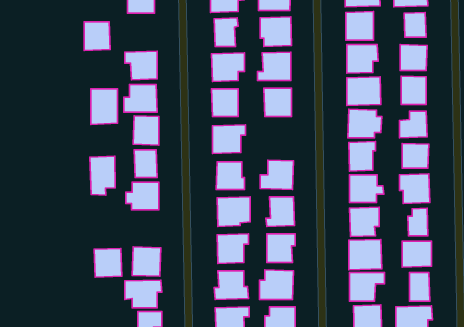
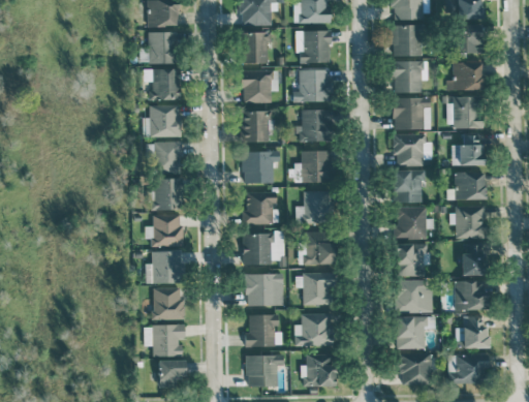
building: [84,22,110,51] -> [148,32,177,64]
building: [91,89,117,124] -> none
building: none -> [302,151,332,182]
building: [90,156,115,195] -> none
building: [94,248,122,277] -> [151,251,182,283]

